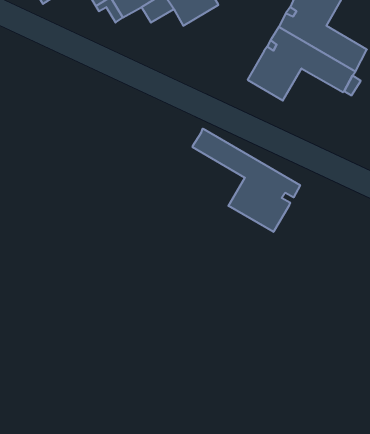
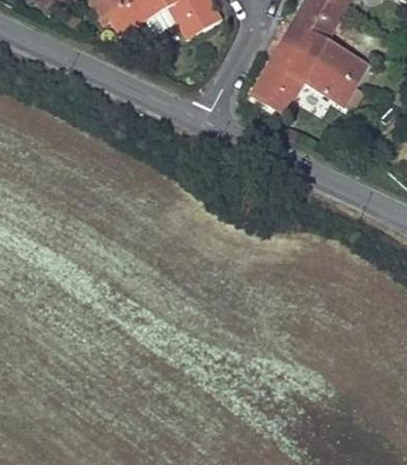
building: [193,129,300,232] -> none

